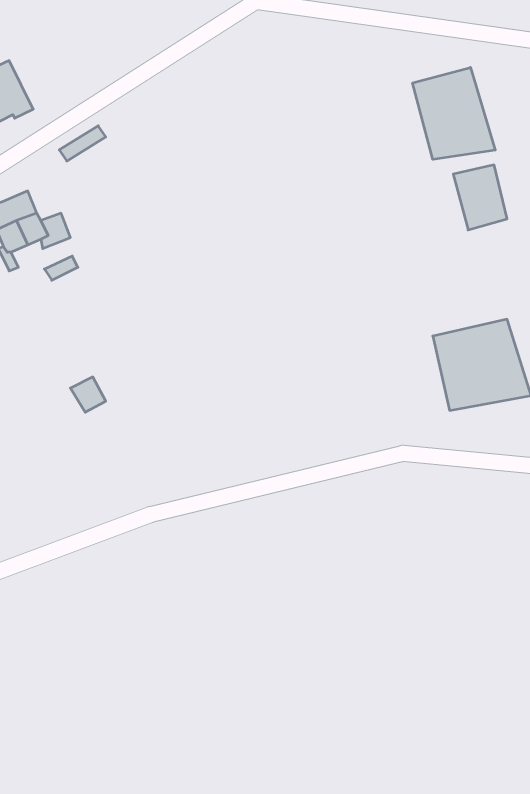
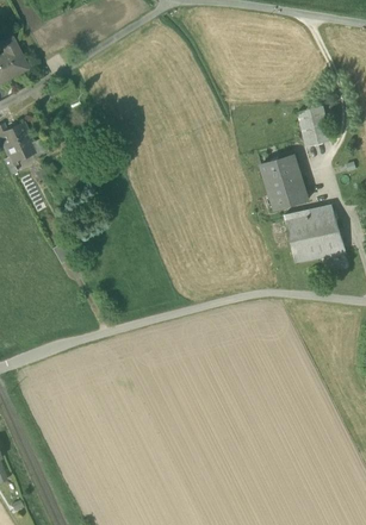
building: [413,67,495,159] -> none
building: none -> [261,156,308,210]

